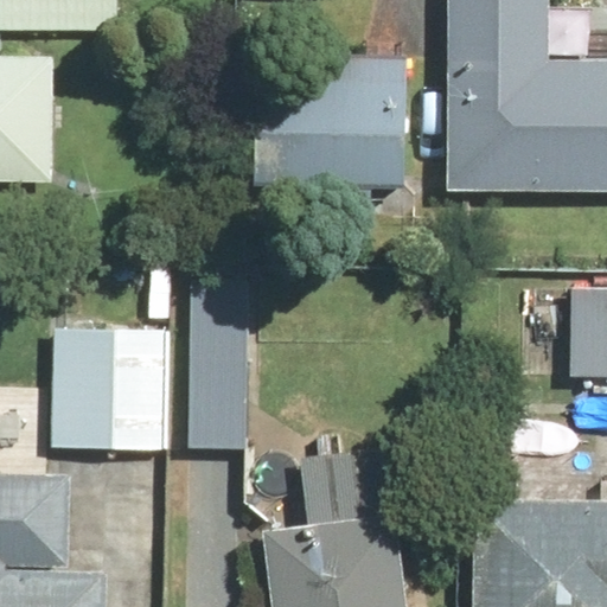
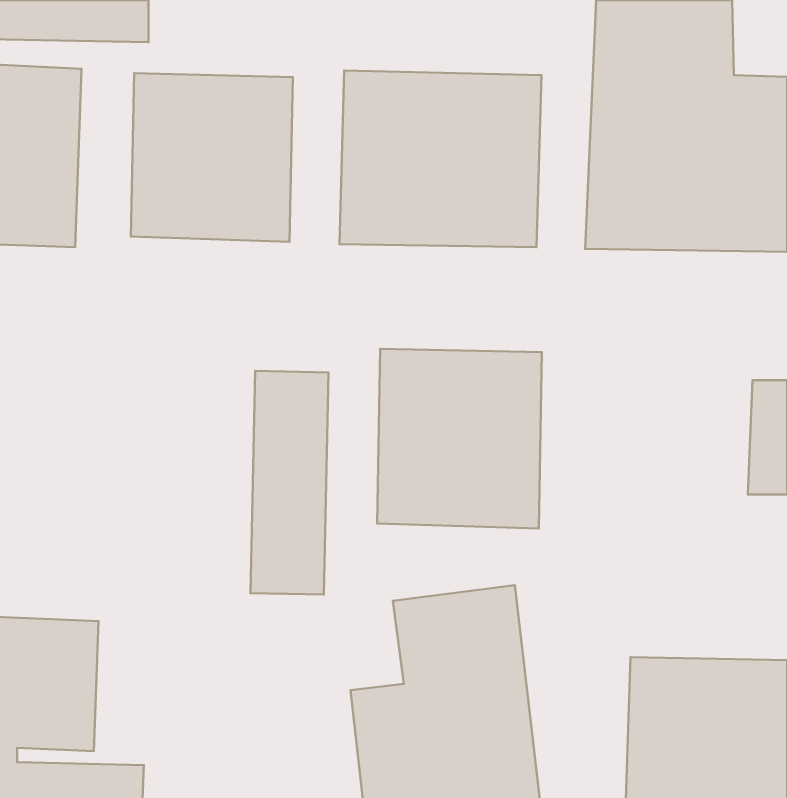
building: none -> [131,73,293,242]
building: none -> [377,349,542,528]
building: [49,326,165,451] -> none

